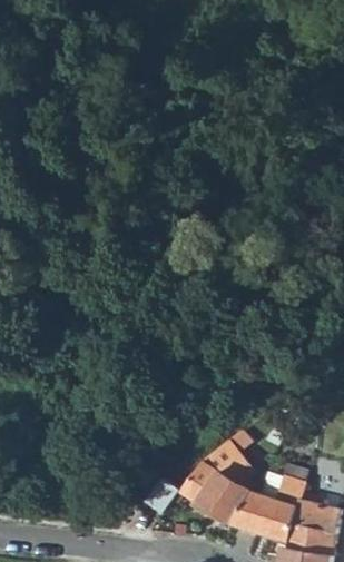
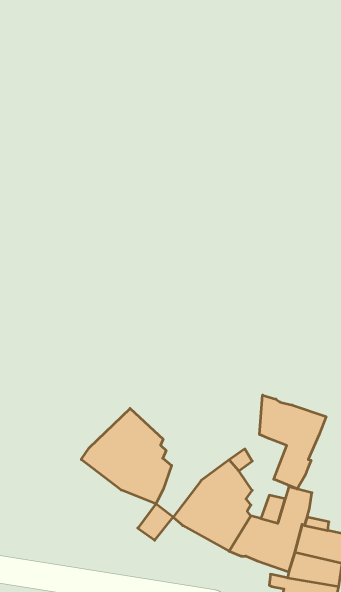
building: none -> [260,395,326,489]
building: none -> [81,408,172,504]

